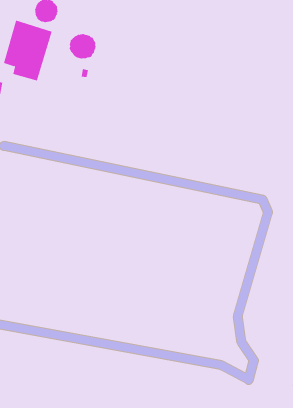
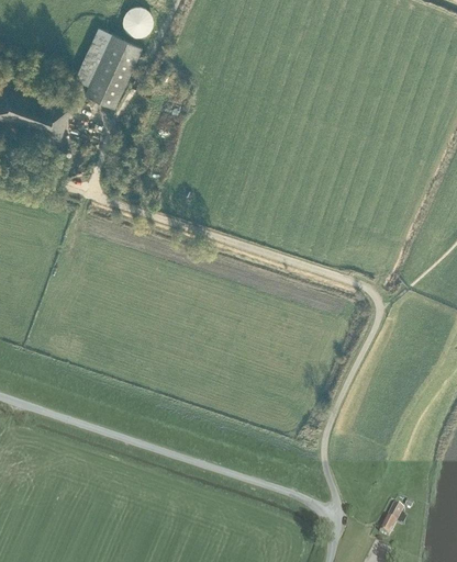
building: [69,33,96,60] -> none

